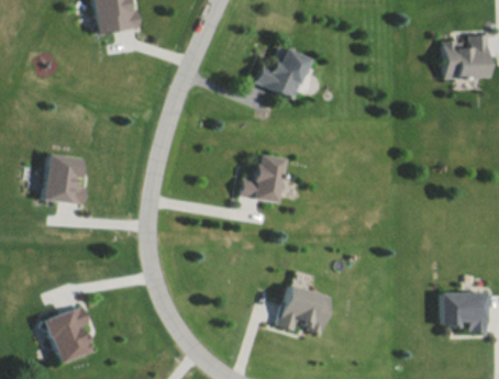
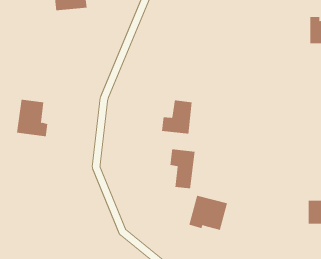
building: [254,45,310,99] -> none
building: none -> [170,149,195,189]
building: [43,304,90,363] -> none

